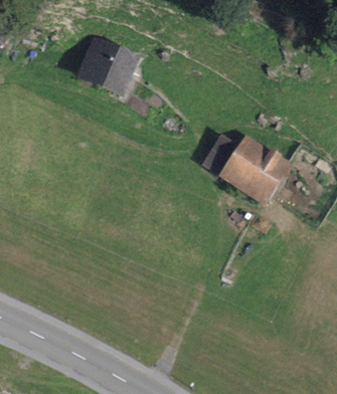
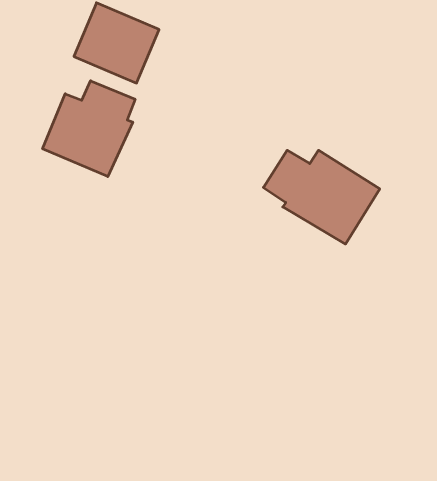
building: none -> [43,81,135,177]

